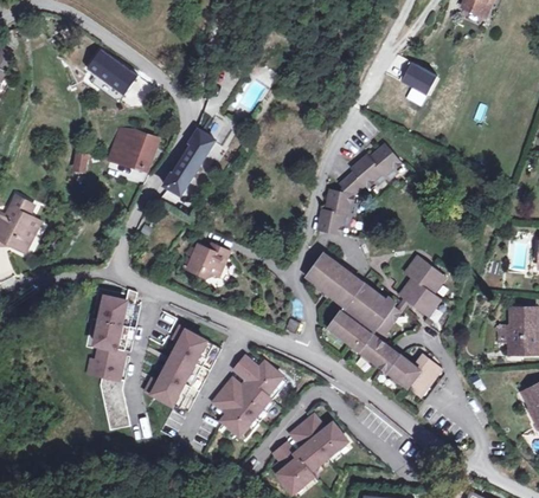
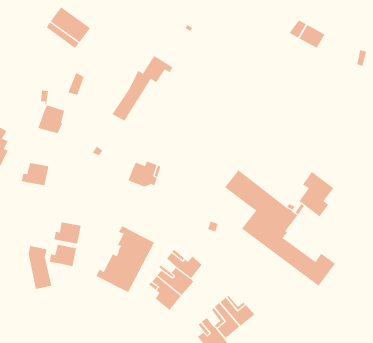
building: [122,131,156,168] -> [37,105,65,134]
building: [317,147,400,234] -> none
building: [96,296,131,325] -> [21,162,49,186]
building: [97,374,128,429] -> [28,245,52,289]

